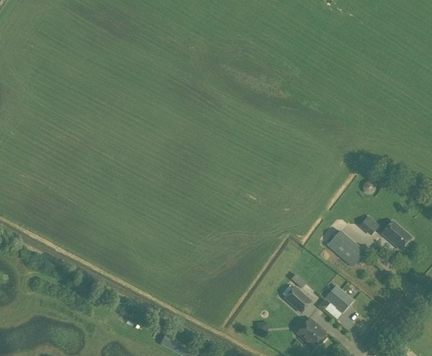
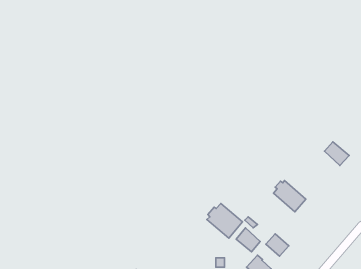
building: [383,221,412,249] -> [324,142,349,166]
building: none -> [207,203,243,238]

